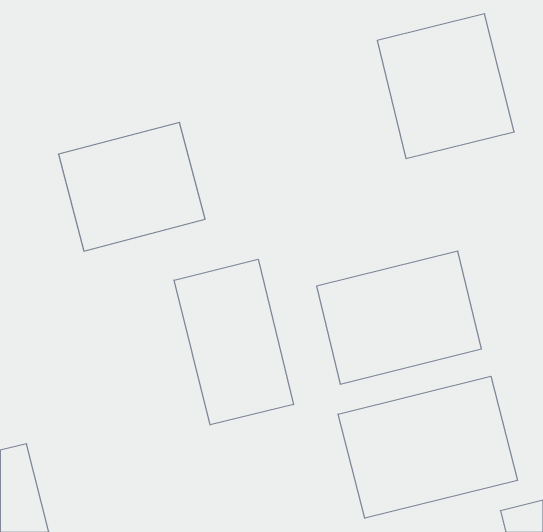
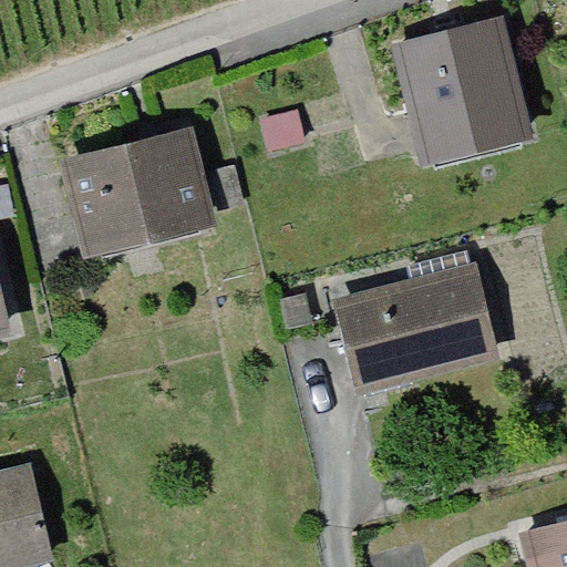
building: [174,259,293,425] -> none
building: [338,376,517,518] -> none

